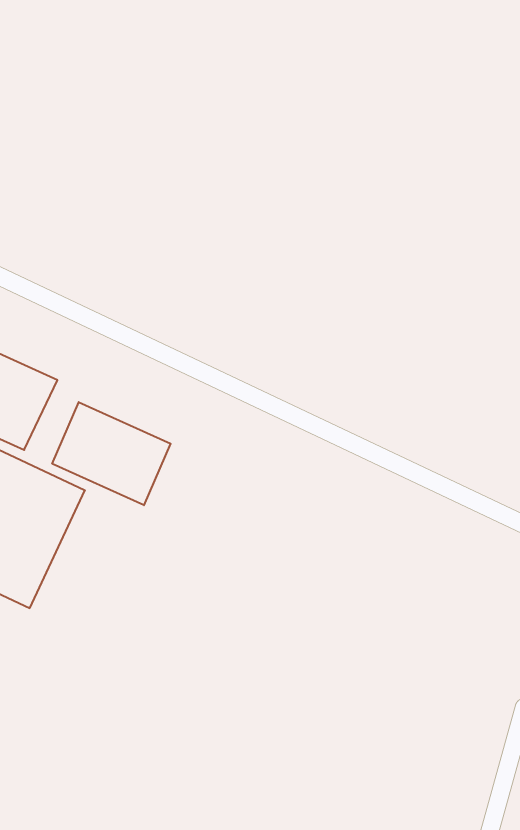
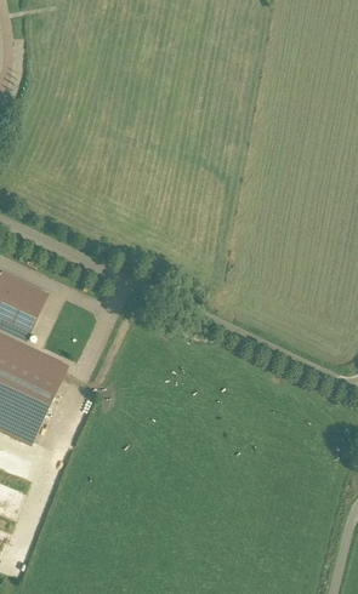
building: [52,402,171,505] -> none

